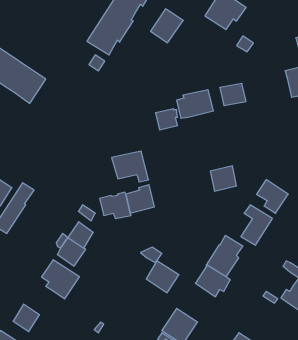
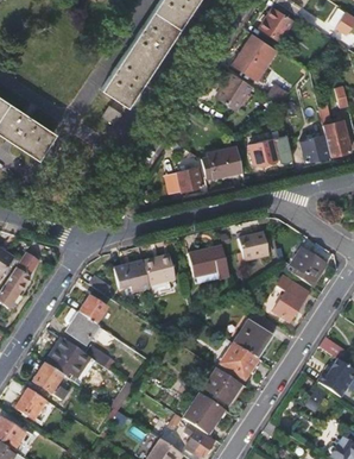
building: [151,9,183,43] -> [215,71,252,109]
building: none -> [299,133,330,161]
building: [112,151,149,182] -> [188,243,229,277]
building: [146,261,179,293] -> [206,367,242,403]
building: none -> [33,361,68,400]

